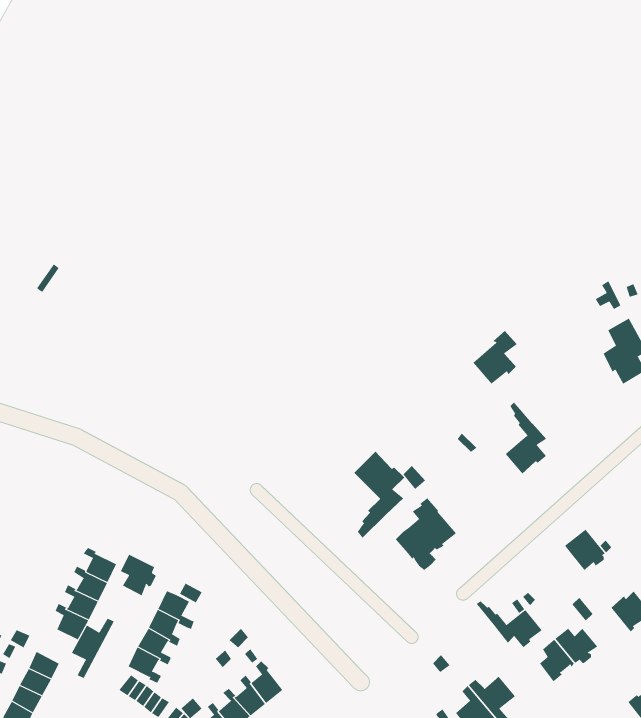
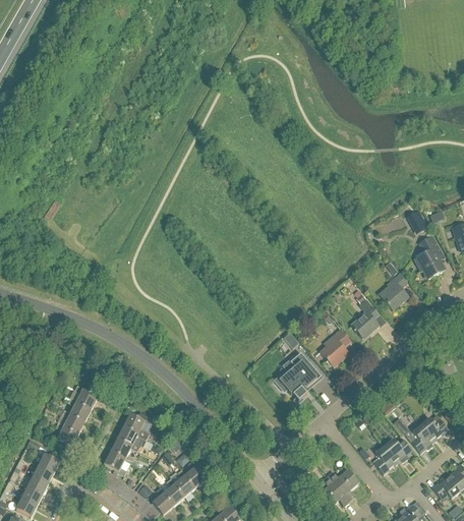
building: [472,330,517,384] -> [379,272,408,307]
building: [354,451,405,538] -> none
building: none -> [320,328,350,366]
building: [564,529,606,571] -> [406,424,433,452]
building: [120,554,156,596] -> none
building: [476,600,542,648] -> none
building: [71,618,115,679] -> none

